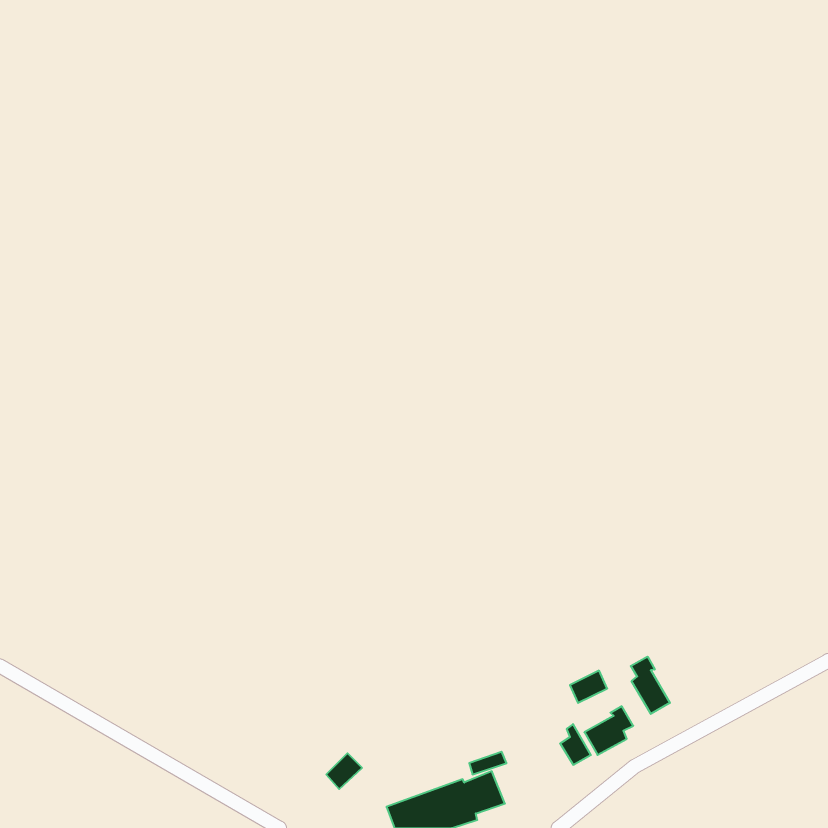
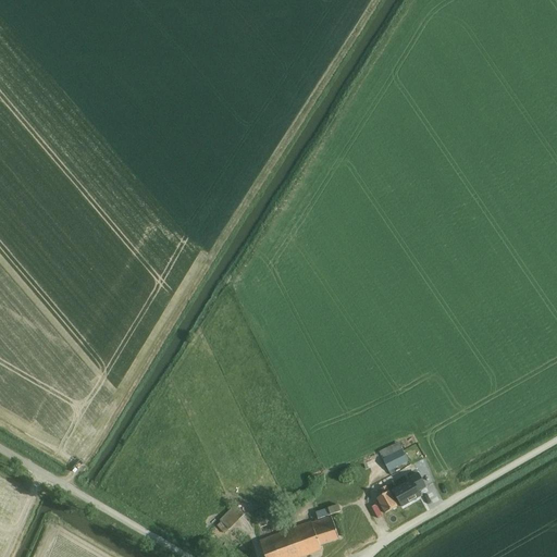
building: [631,657,670,714] -> none

